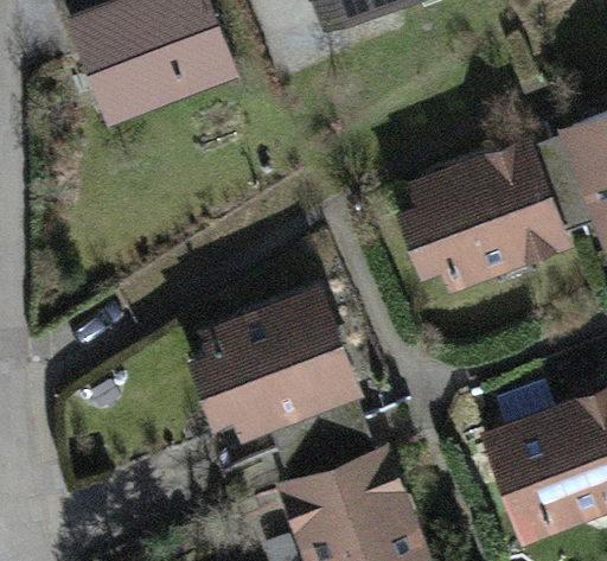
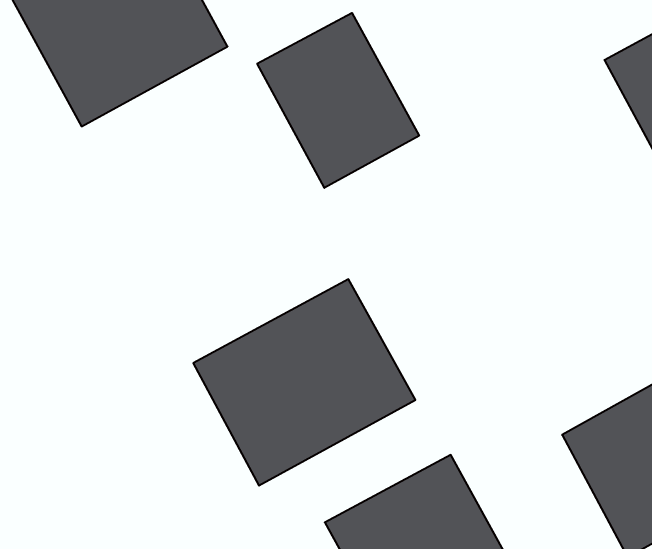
building: none -> [257,13,419,188]
building: [389,138,571,299] -> none

